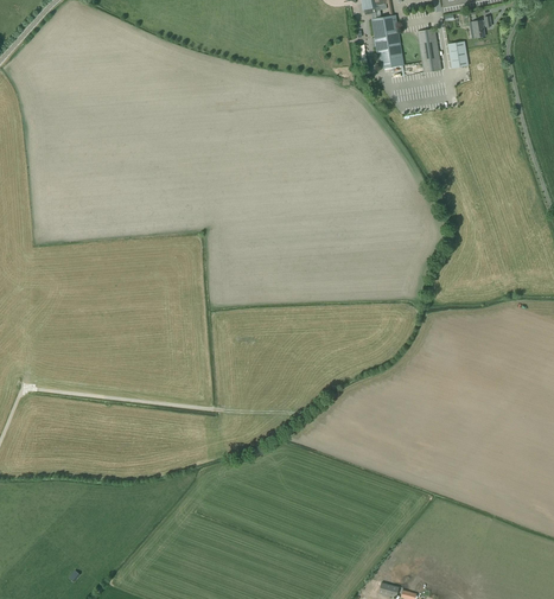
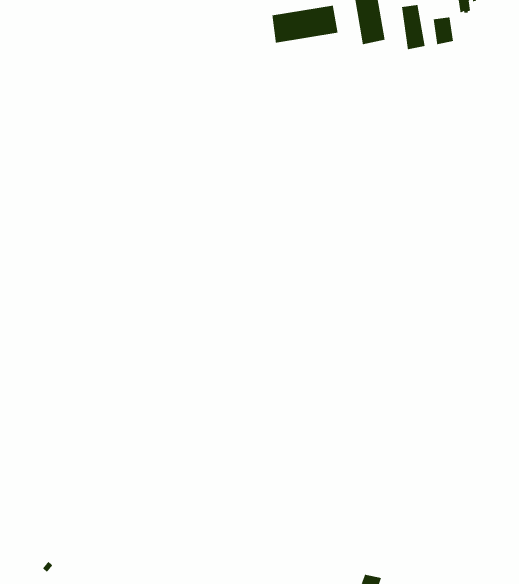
building: none -> [272,5,338,44]

